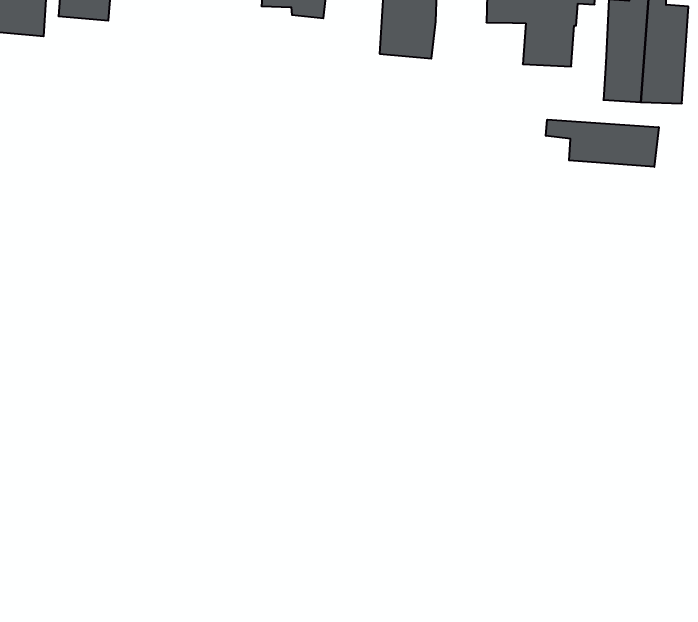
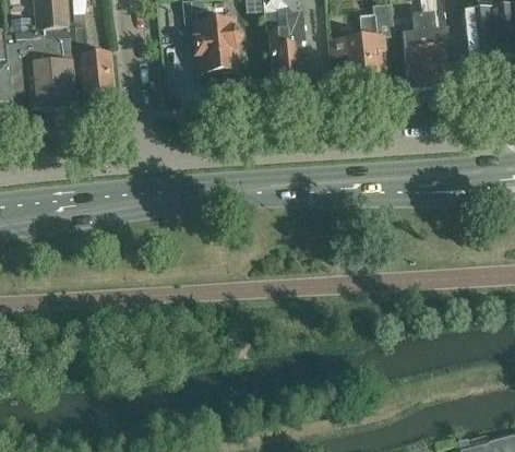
building: [546,120,659,167] -> none

